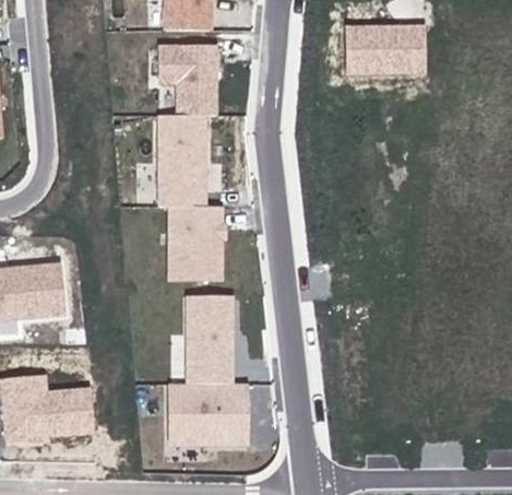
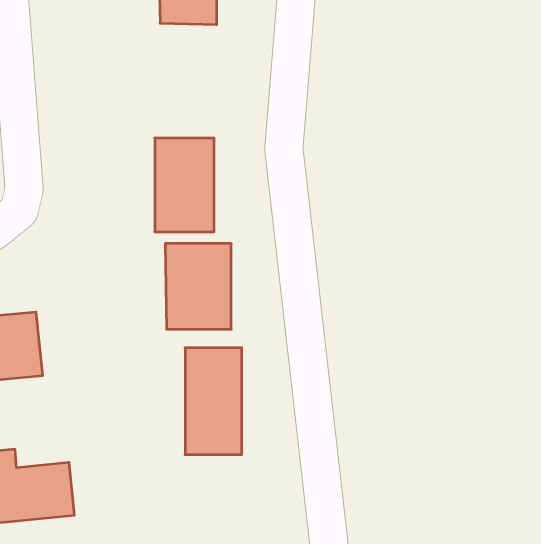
building: [345,27,421,73] -> none
building: [156,42,219,111] -> none
building: [169,386,248,439] -> none

